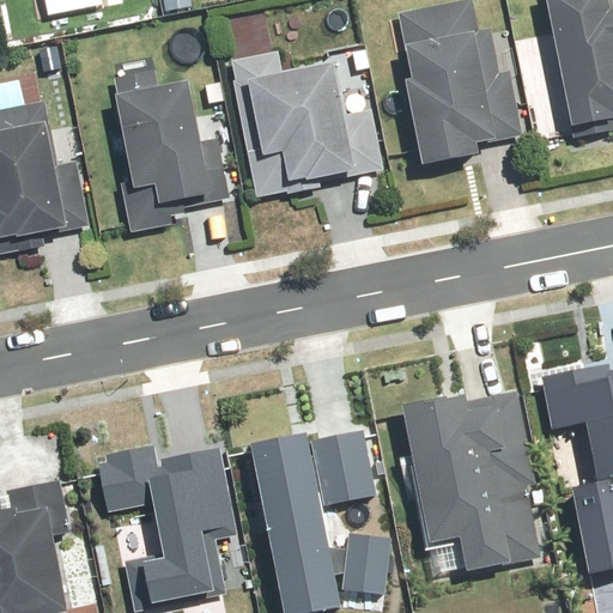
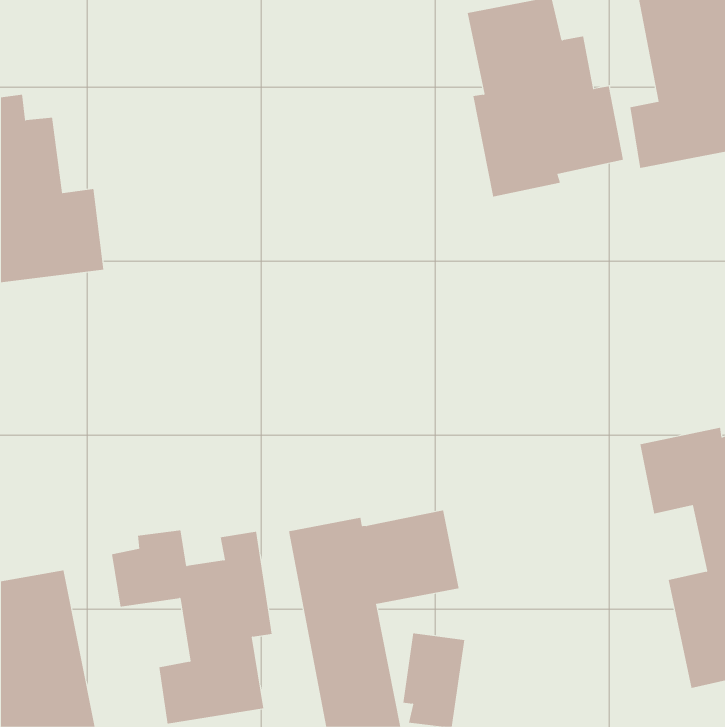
building: [235,49,392,196] -> none
building: [116,68,229,233] -> none
building: [399,390,542,579] -> none

